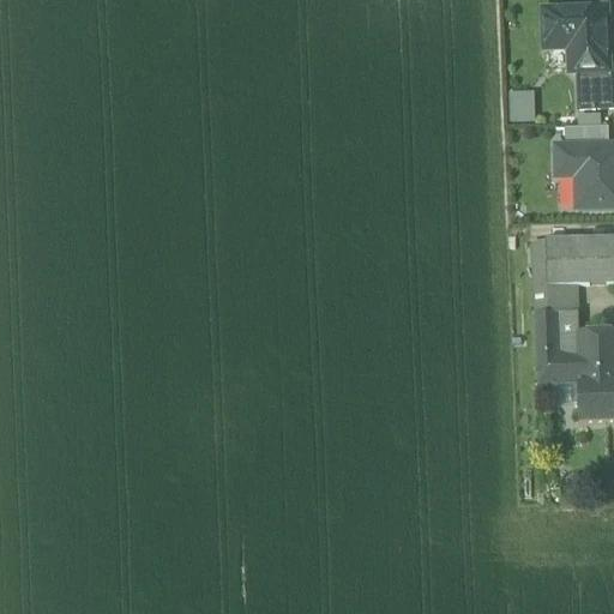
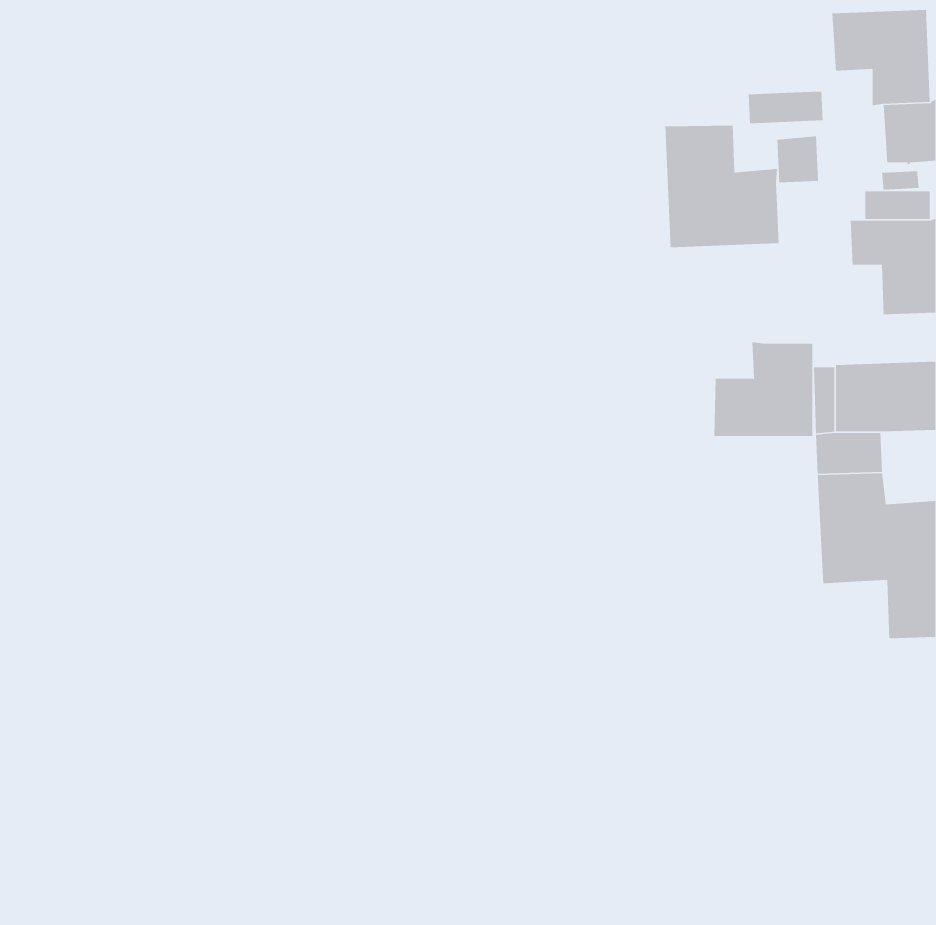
building: none -> [748,91,823,124]
building: none -> [665,125,779,248]
building: none -> [713,342,813,437]

